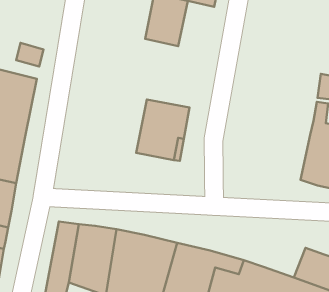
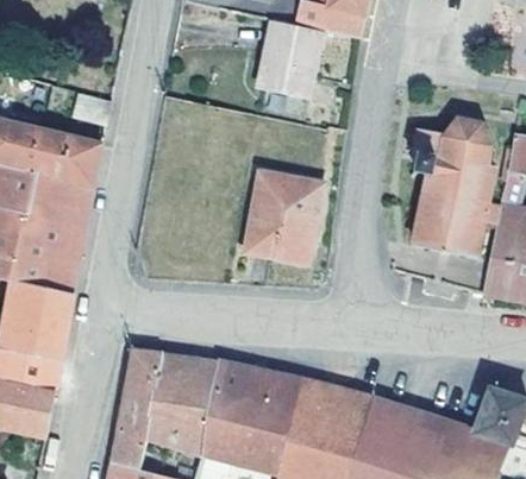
building: none -> [409,119,502,256]

